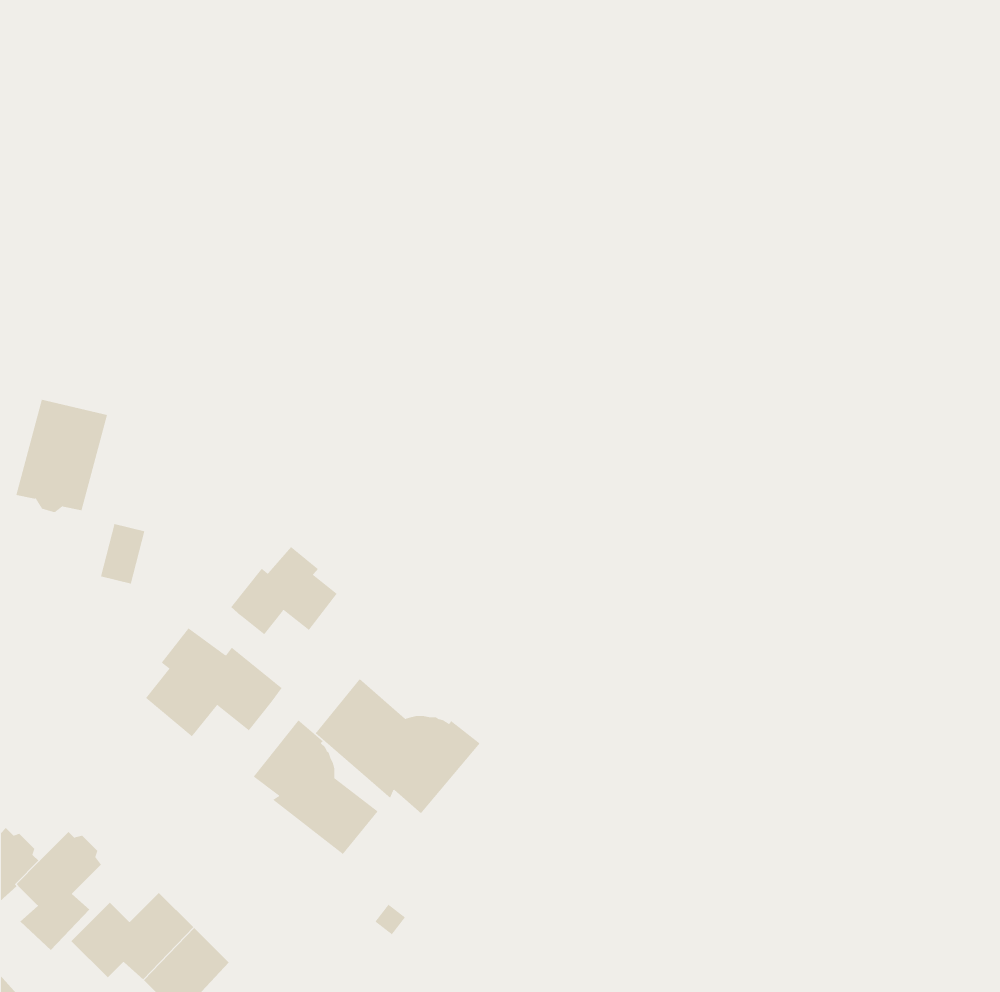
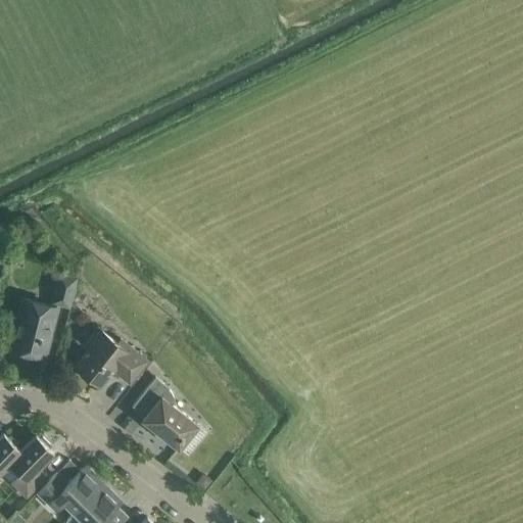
building: [16,399,108,513] -> [10,302,58,362]
building: [231,546,337,635] -> none
building: [315,678,480,814] -> none

